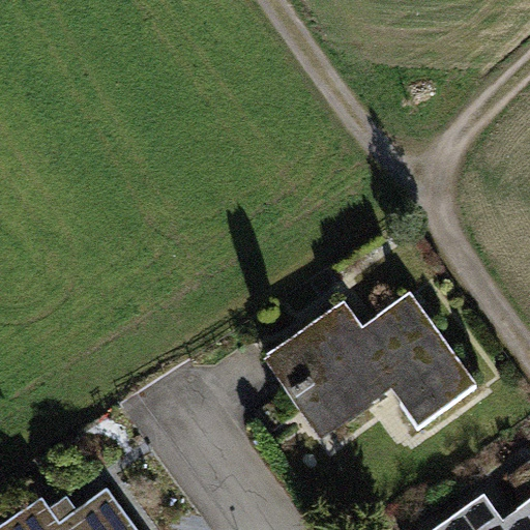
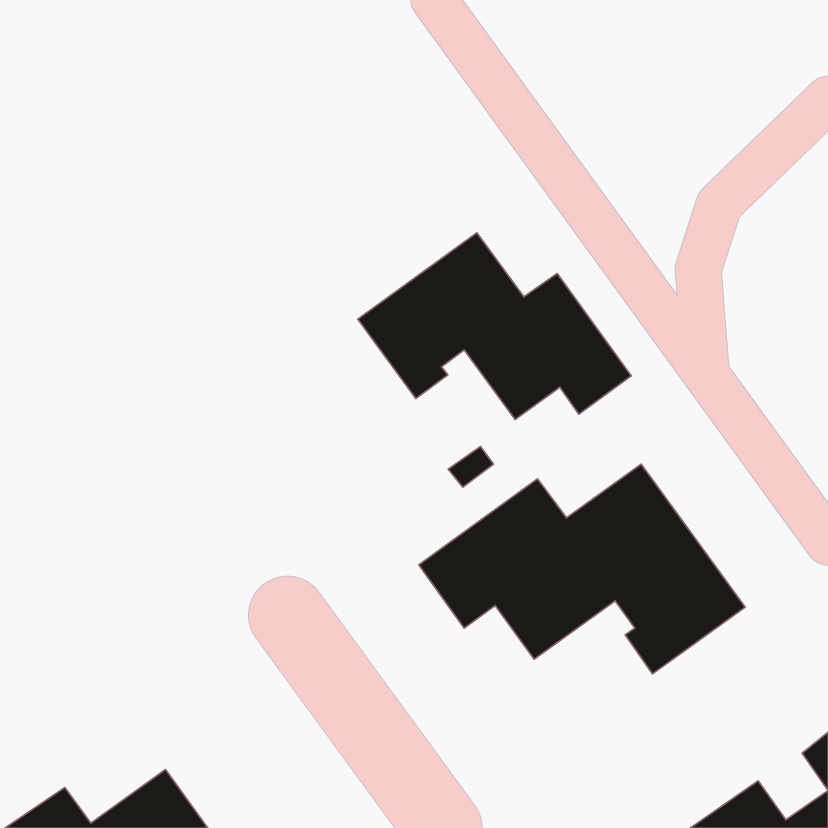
building: none -> [358,233,631,420]

